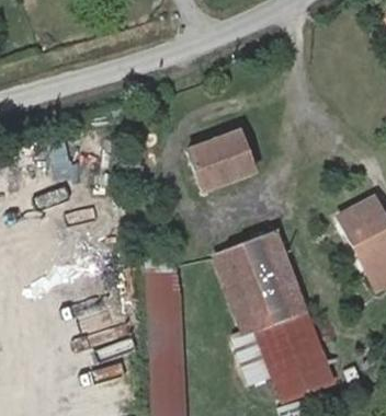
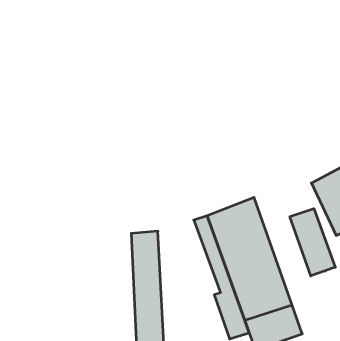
building: [193,132,258,192] -> none
building: none -> [290,209,335,276]

